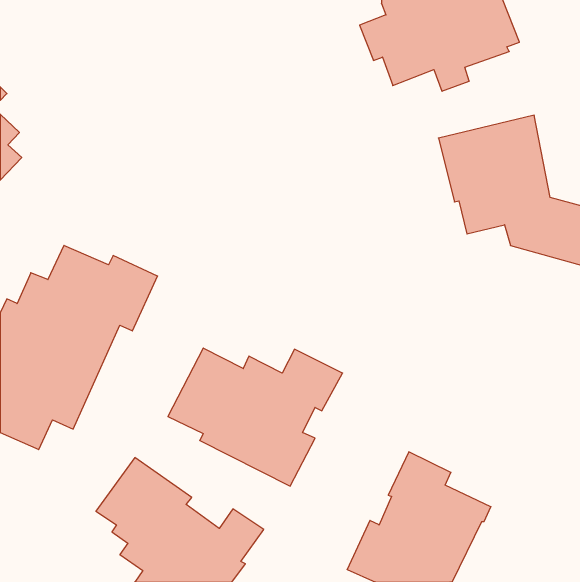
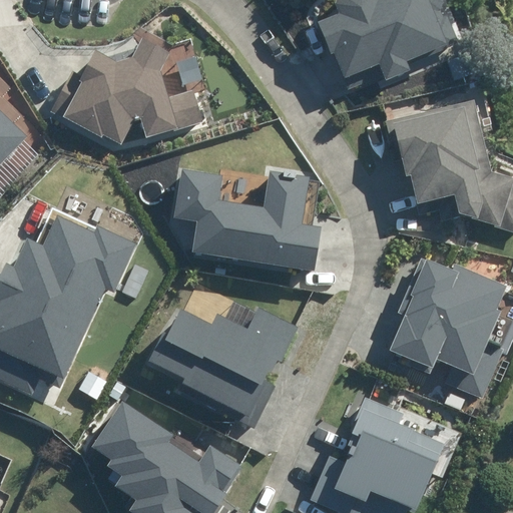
building: none -> [53,37,205,143]
building: none -> [177,169,324,270]
building: none -> [384,261,497,398]

